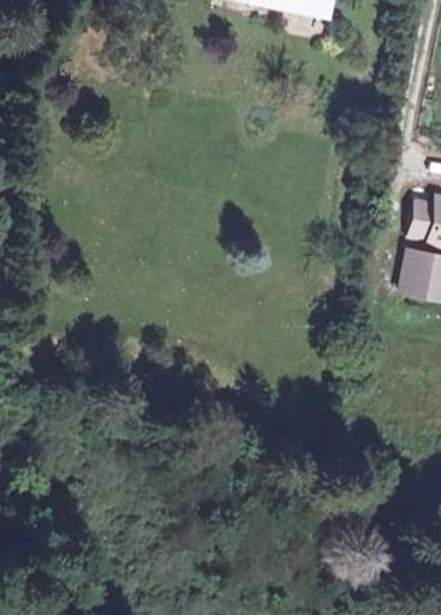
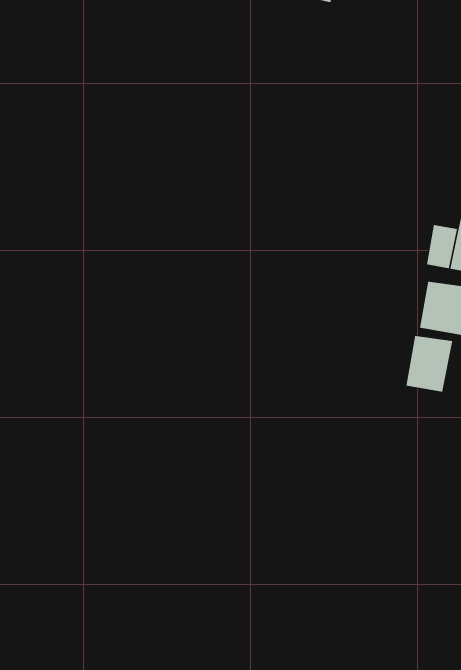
building: none -> [406,335,453,393]

